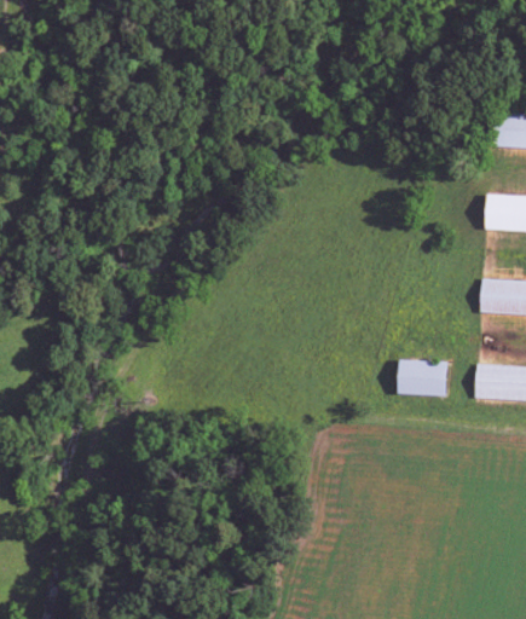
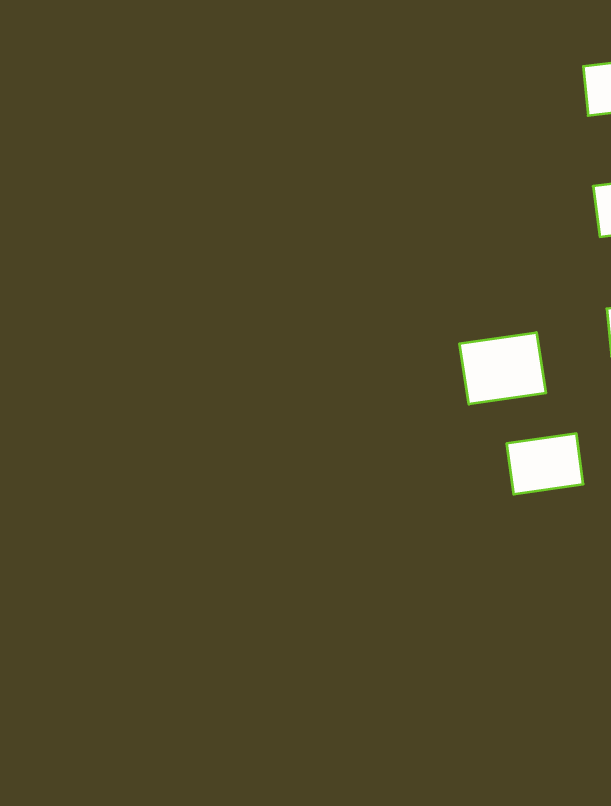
building: none -> [460,332,546,404]

